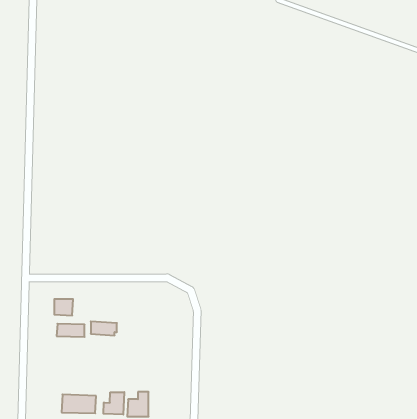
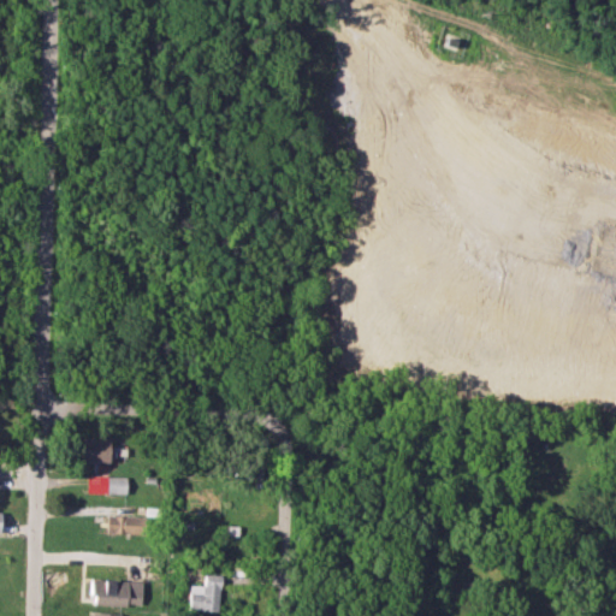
building: [91,321,117,335] -> [108,515,147,535]
building: [103,392,124,415] -> none

